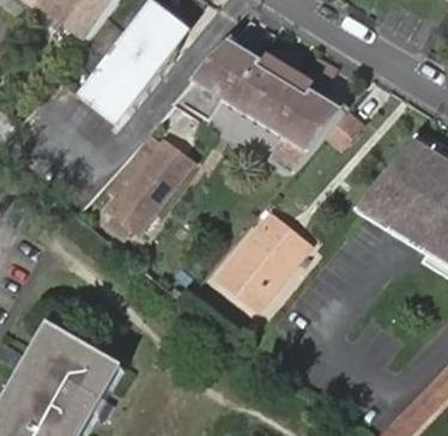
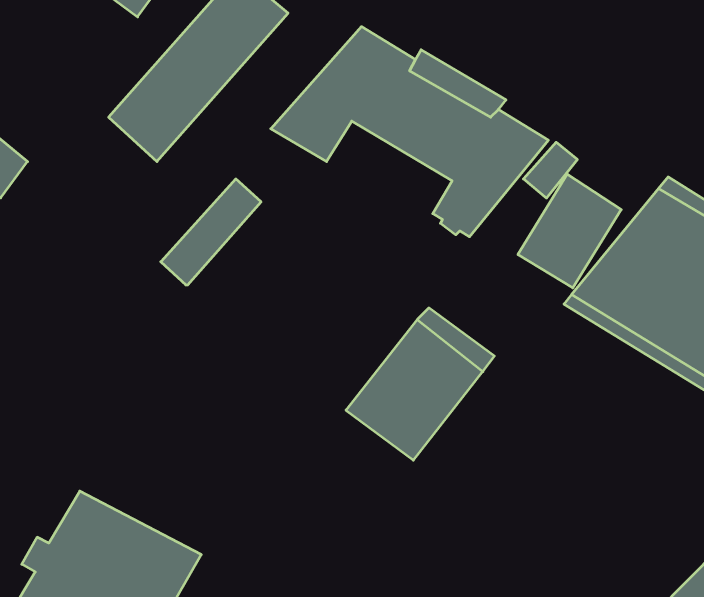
building: none -> [518,174,621,288]
building: [107,147,190,235] -> none

